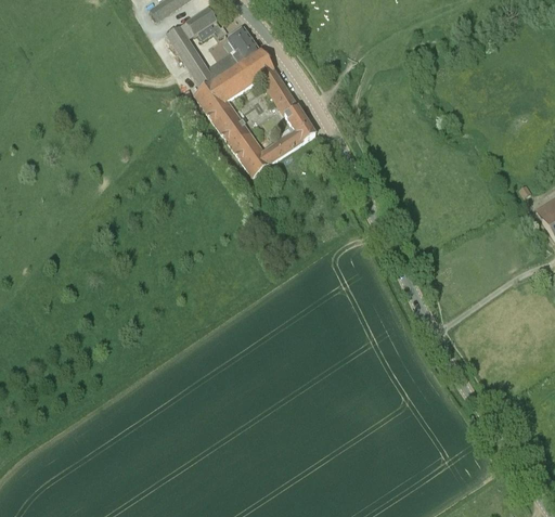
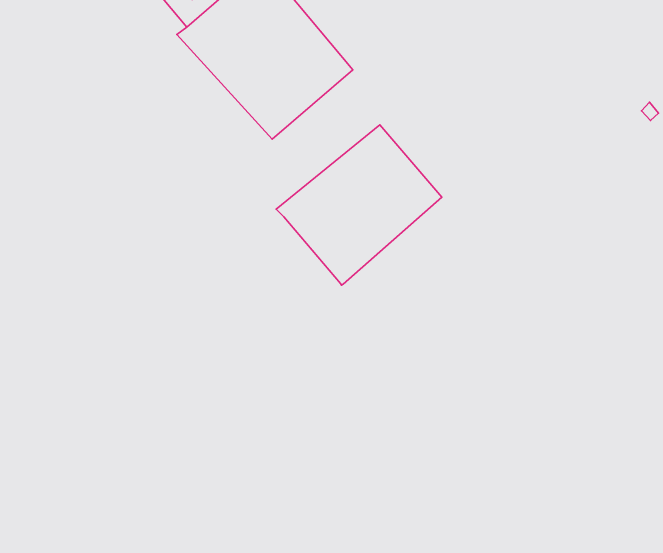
building: none -> [276,125,442,285]

